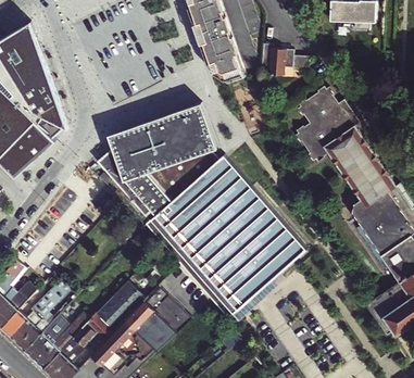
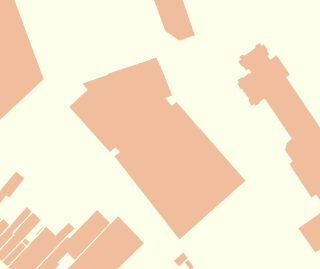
building: [260,45,310,77] -> none

